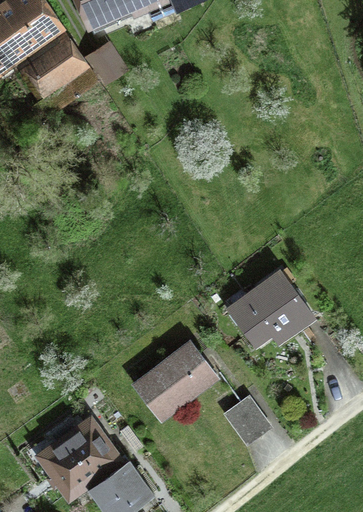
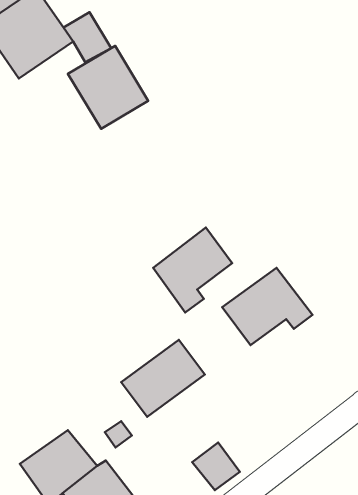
building: none -> [68,46,148,129]
building: none -> [153,228,232,312]
building: [225,392,269,436] -> [192,442,240,490]

